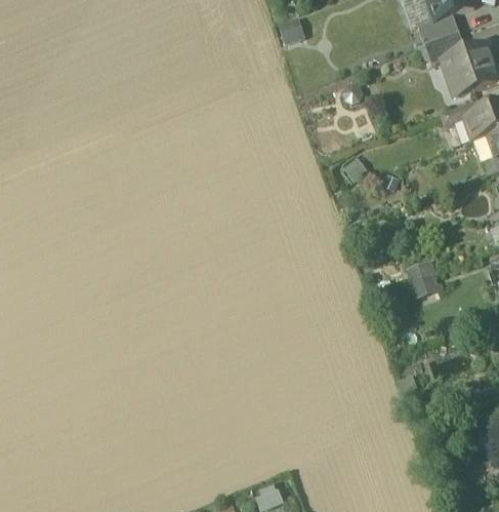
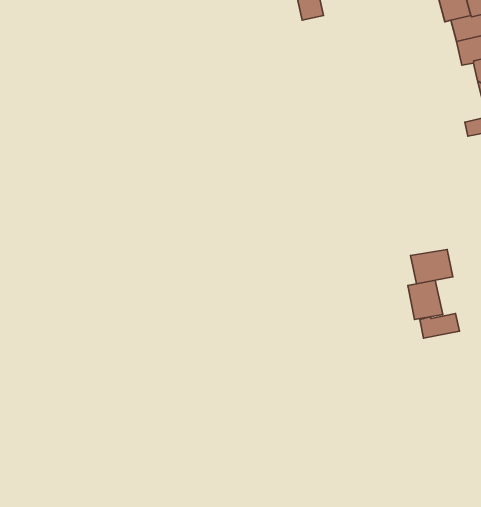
building: none -> [410,249,453,284]
building: none -> [420,314,459,338]

